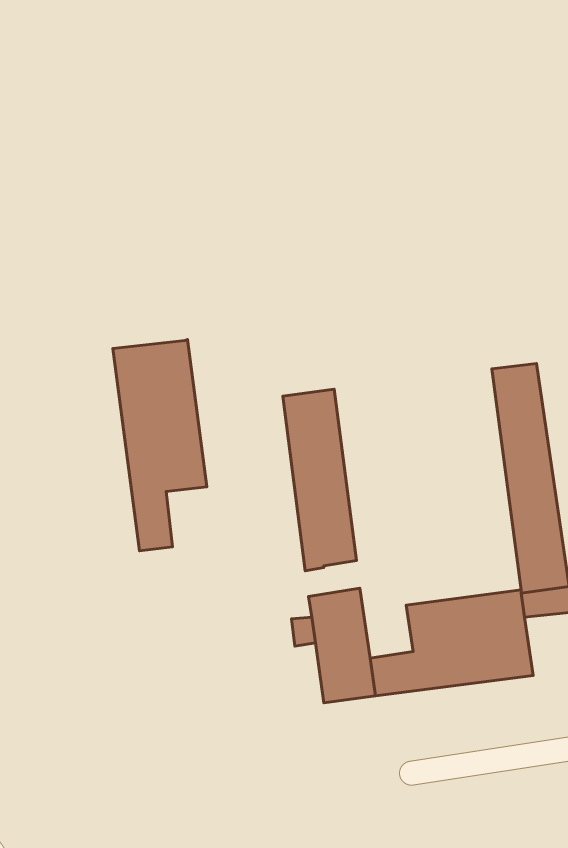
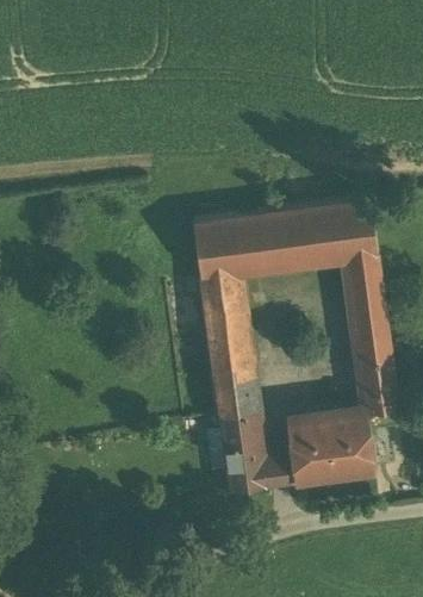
building: none -> [193,200,377,278]
building: [113,340,207,551] -> none
building: none -> [216,392,254,417]

